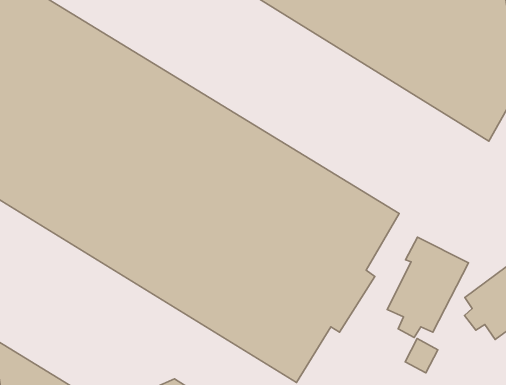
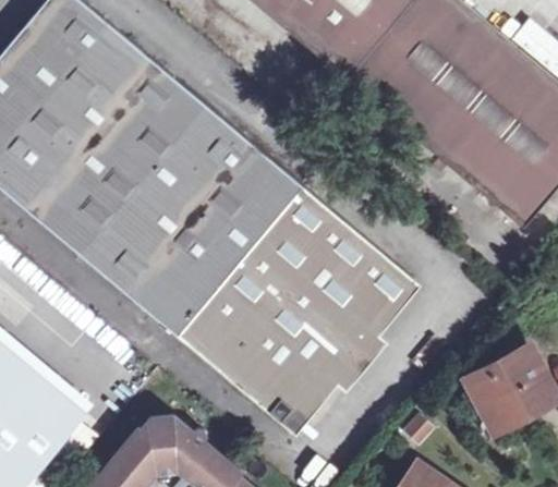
building: [387,237,468,338] -> none

